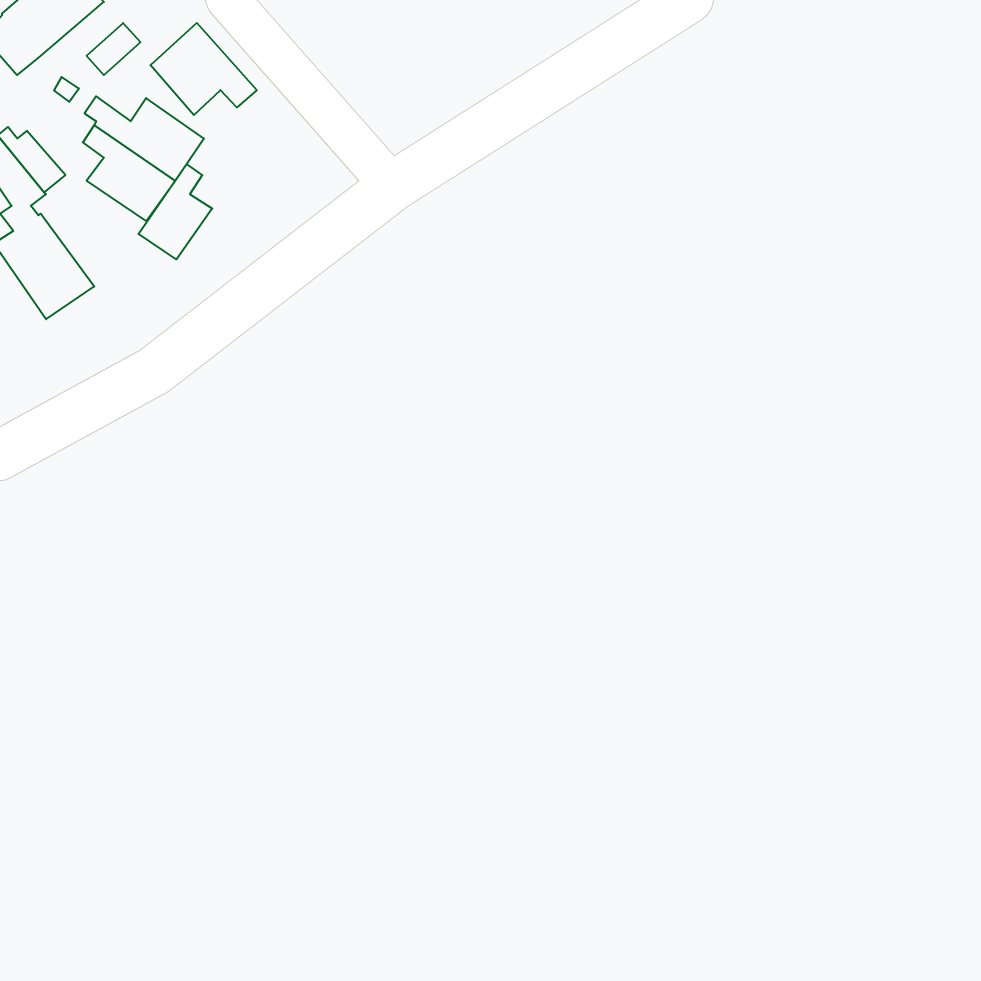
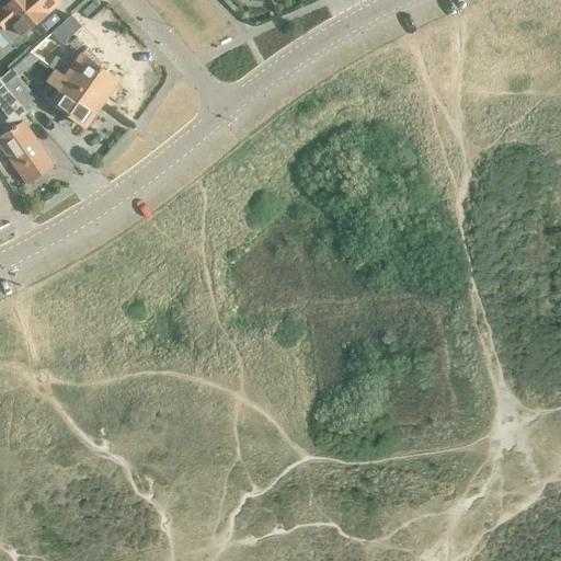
building: [150,23,257,115] -> none
building: [138,164,212,259] -> none

